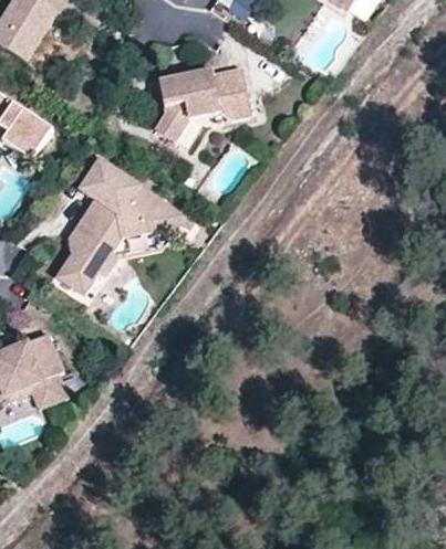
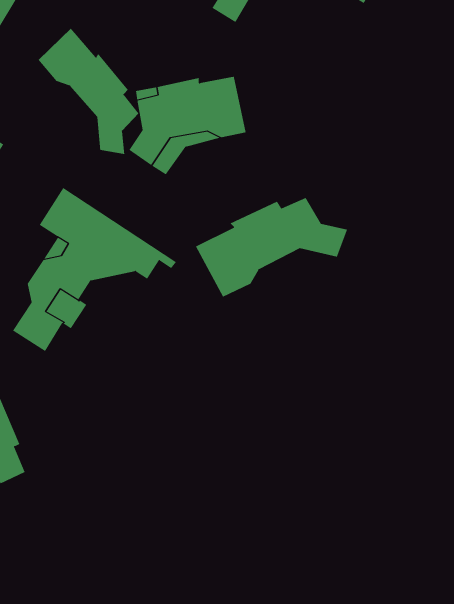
building: none -> [38,28,139,155]
building: none -> [195,197,348,298]

